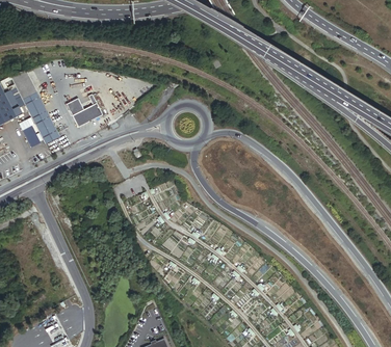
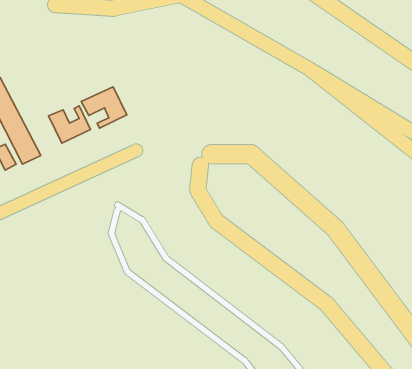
building: none -> [81,87,127,128]

